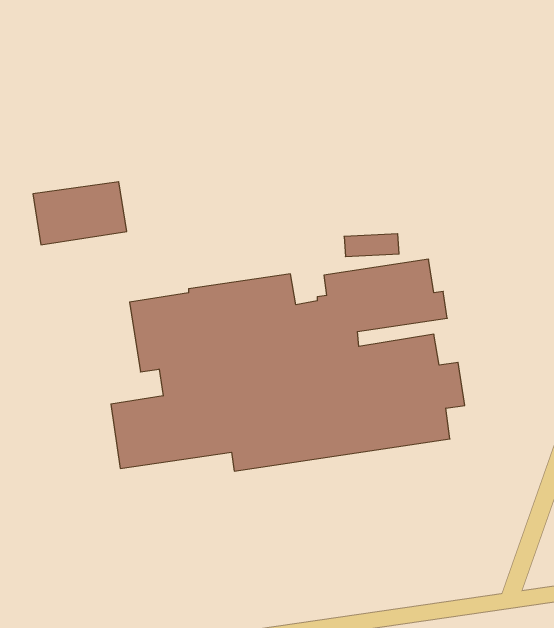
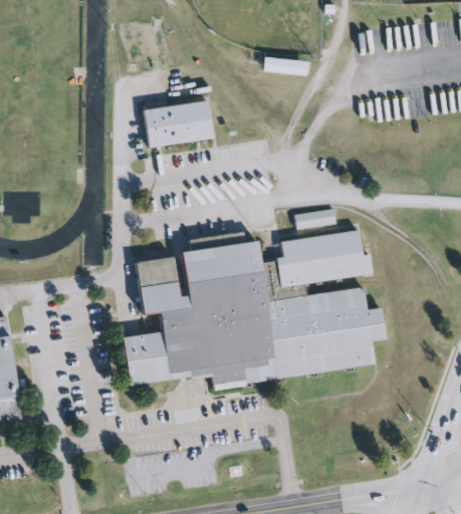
building: none -> [265,57,309,72]
building: [33,182,127,245] -> [144,100,214,148]

